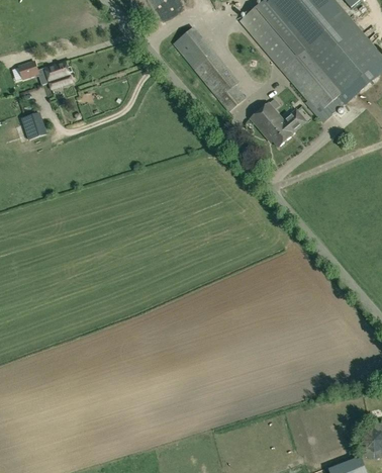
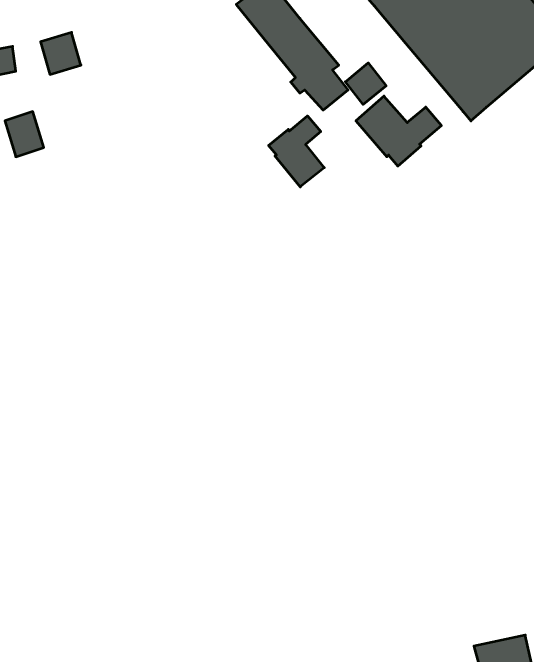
building: none -> [345,63,386,104]
building: none -> [269,116,324,187]

